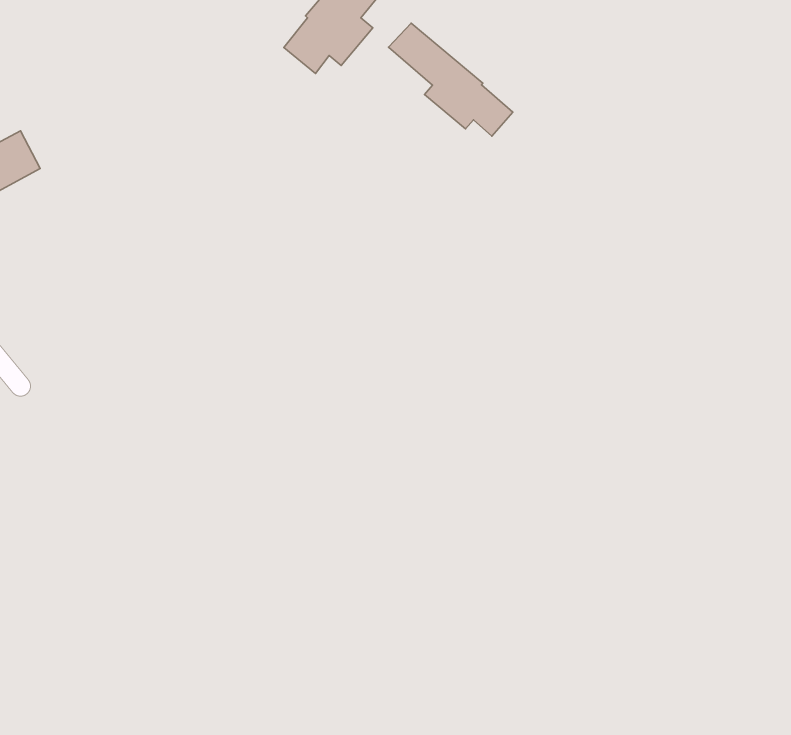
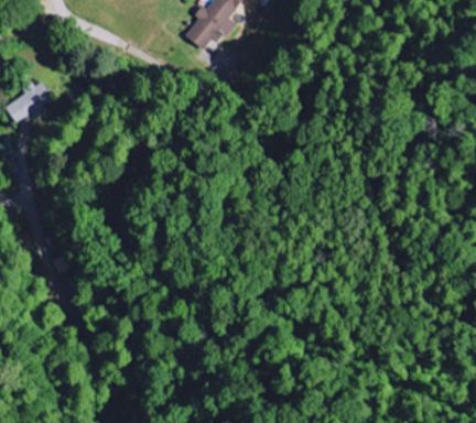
building: [388,23,513,136] -> none

